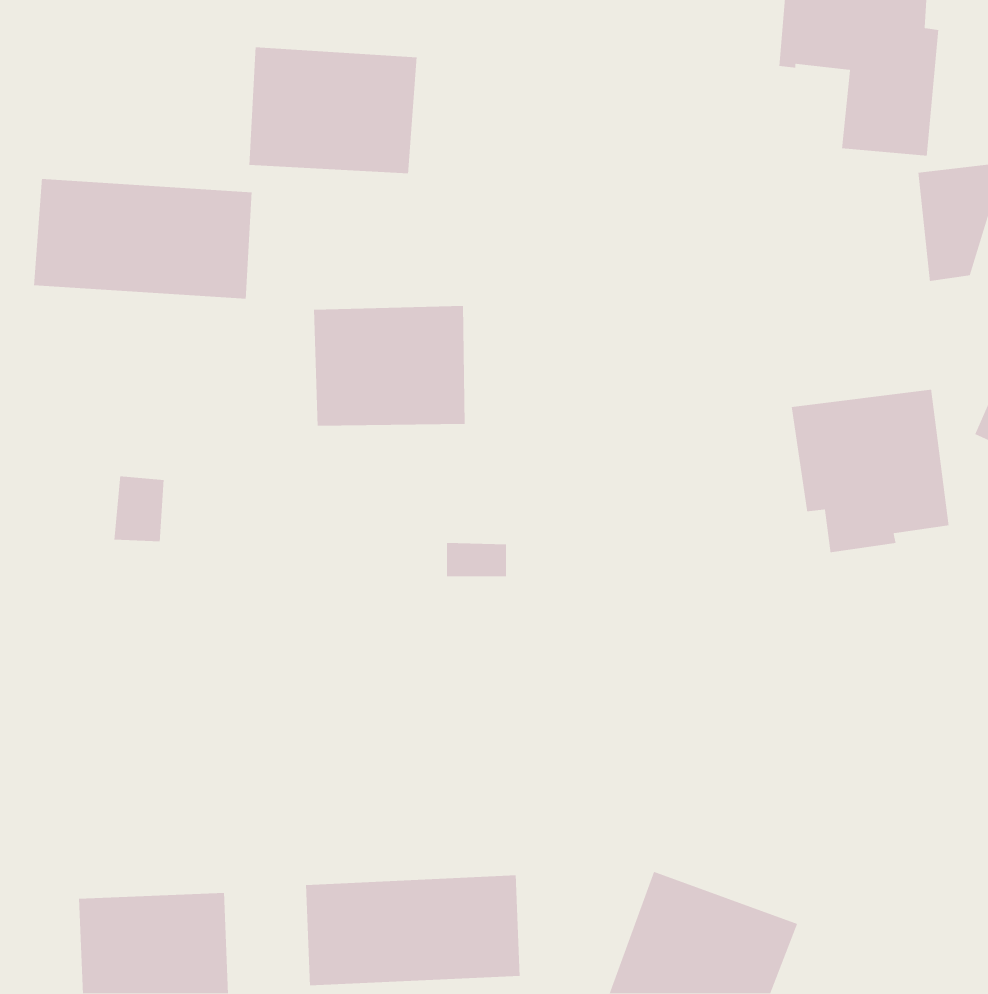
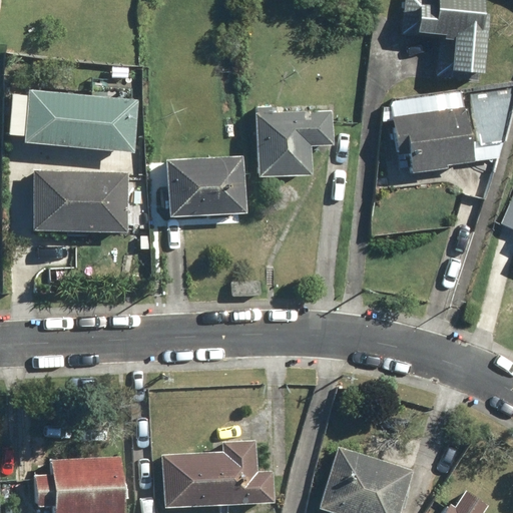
building: [249,46,417,174] -> none
building: none -> [256,105,333,177]
building: none -> [34,168,129,236]
building: [791,389,949,553] -> [391,91,472,175]

